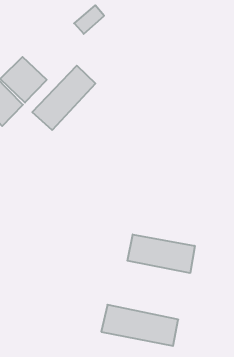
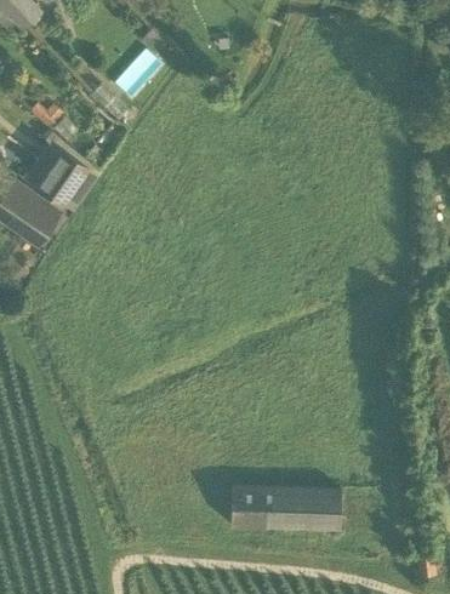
building: [32,66,95,130] -> none
building: [127,234,195,273] -> none

